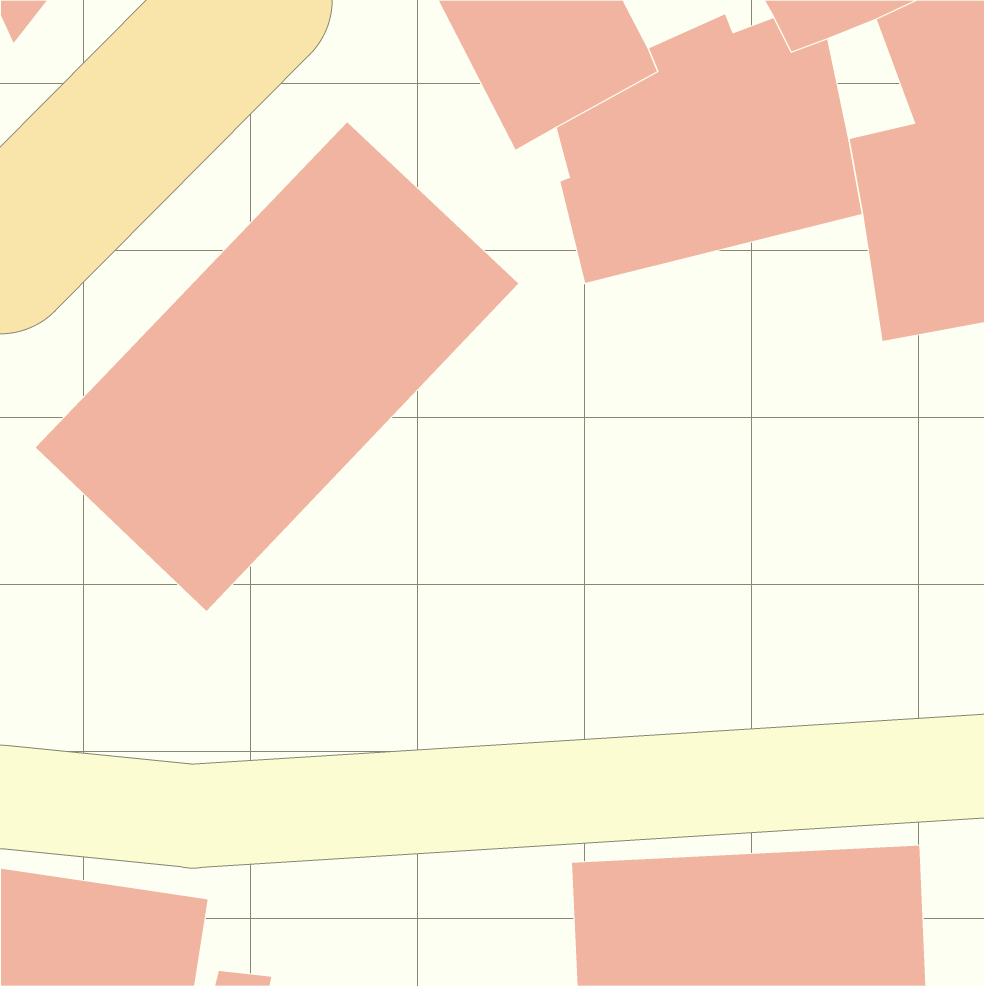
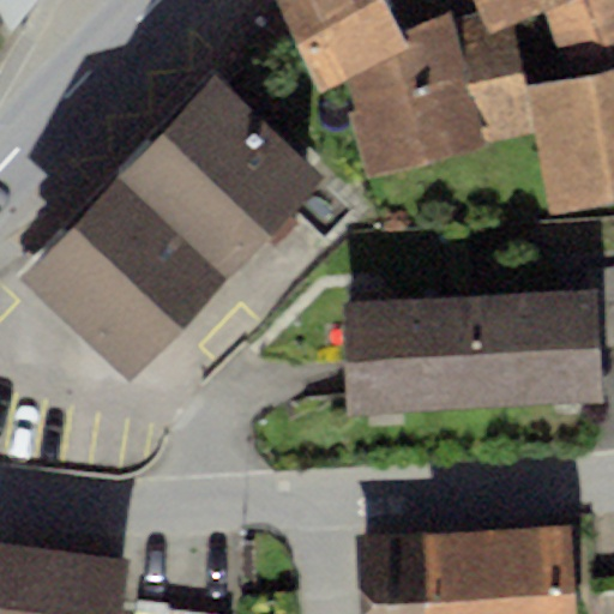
building: none -> [341,289,601,417]

